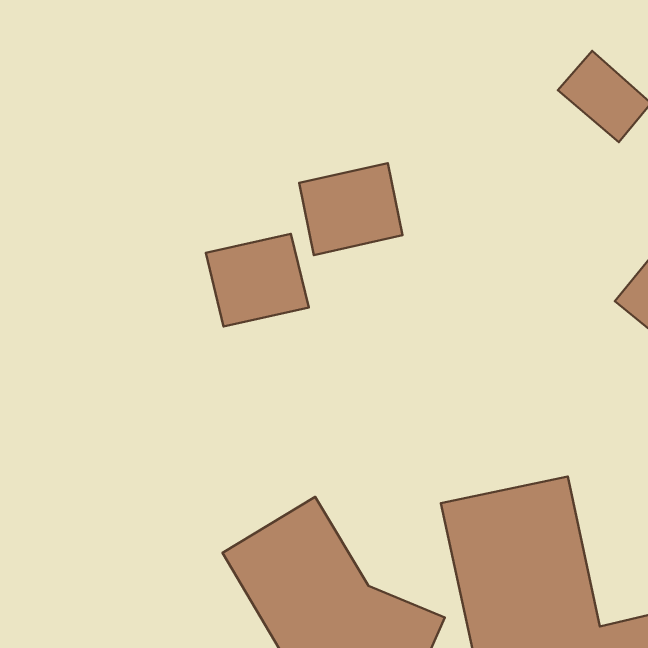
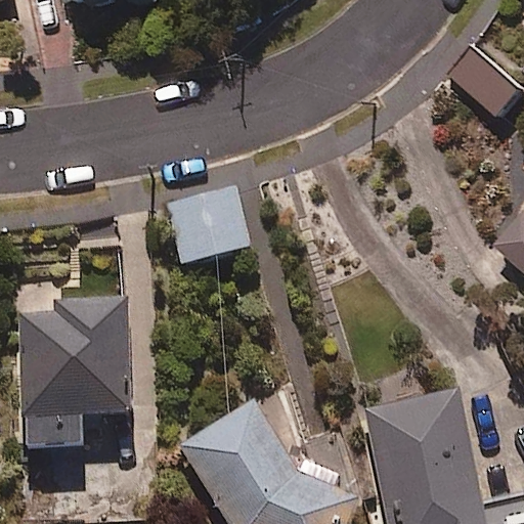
building: [299,163,403,255] -> none
building: none -> [16,296,132,449]

